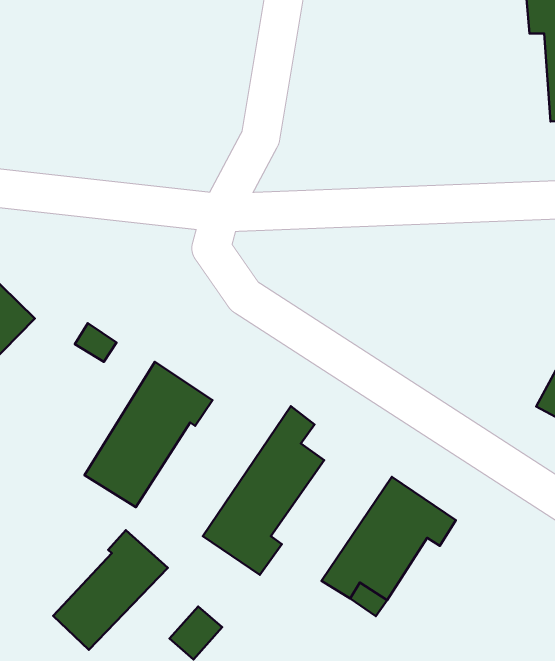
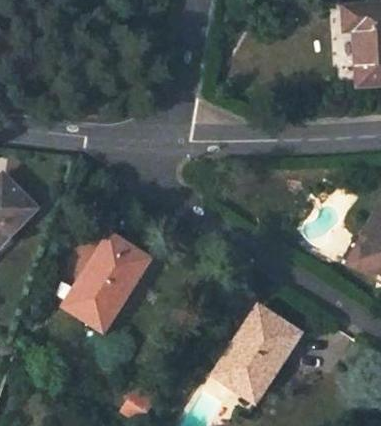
building: [203,406,324,575] -> none
building: [53,530,168,650] -> none

